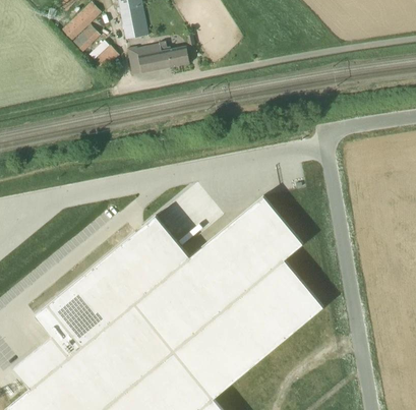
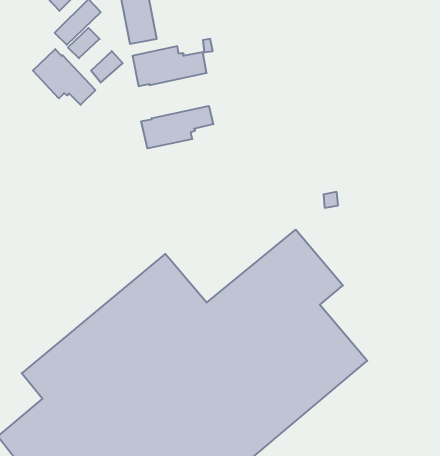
building: none -> [33,49,95,105]
building: none -> [141,106,213,148]

